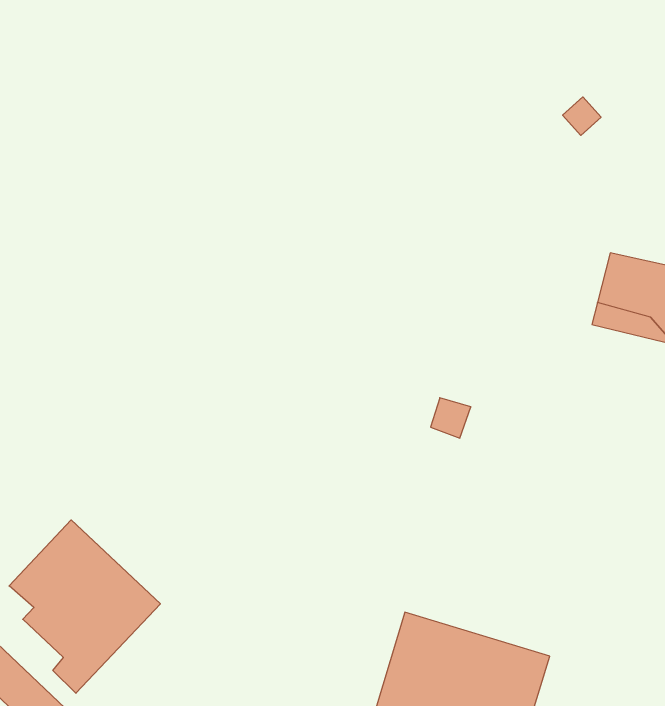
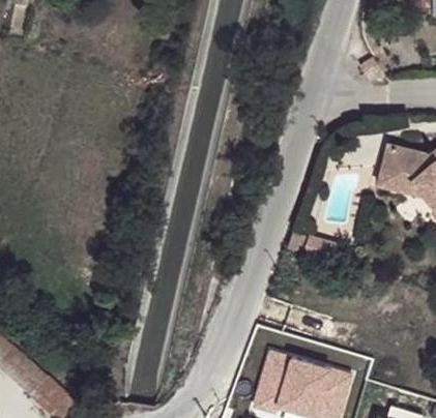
building: [9,520,160,693] -> none

